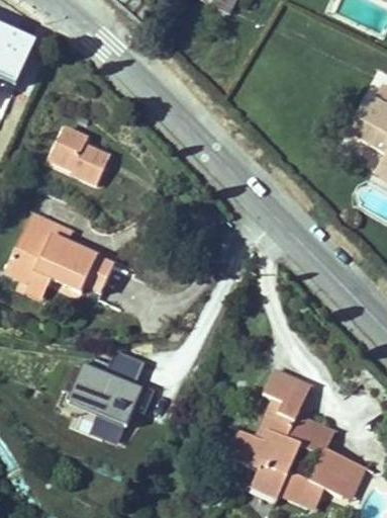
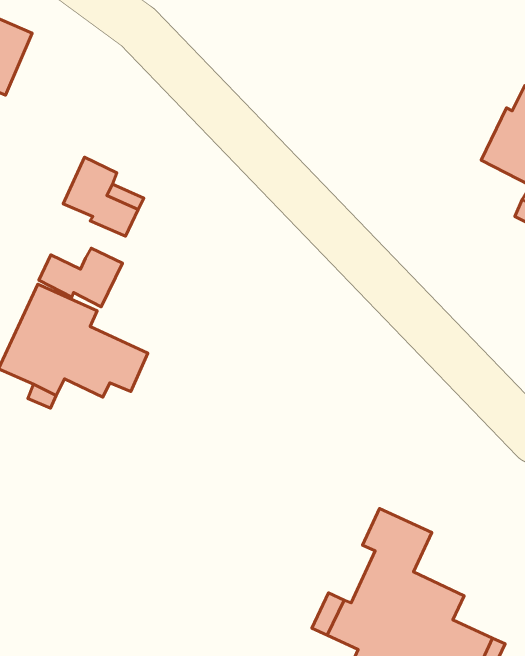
building: none -> [39,248,123,307]
building: [64,339,147,429] -> none

